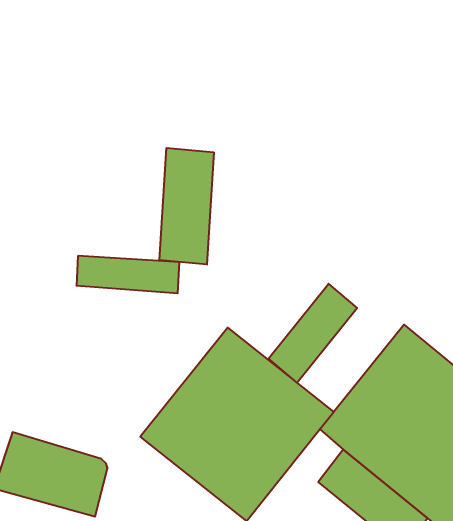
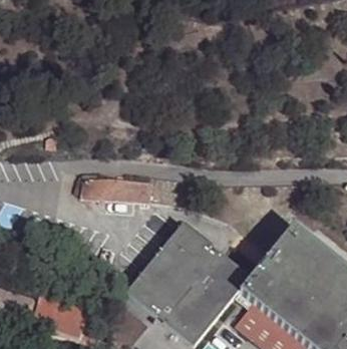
building: [159,148,214,265] -> none
building: [269,284,357,383] -> none

